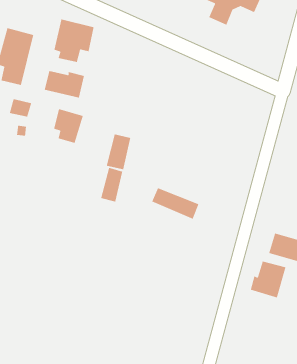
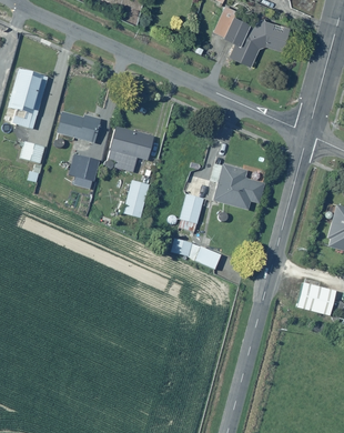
building: [53,18,94,63] -> [109,125,152,172]
building: none -> [211,163,264,210]
building: [100,167,123,203] -> [179,194,203,232]
building: [250,260,287,298] -> none

